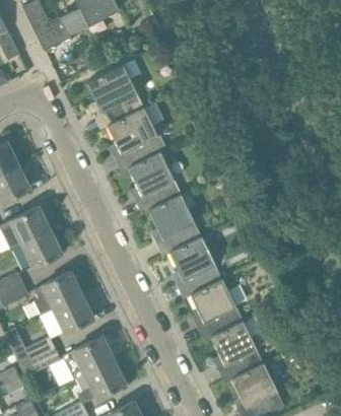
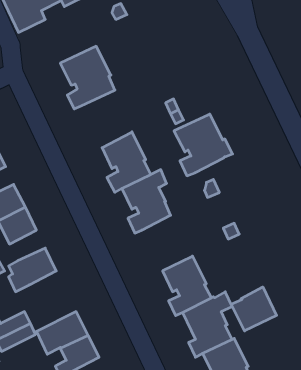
building: [108,110,167,172] -> [174,114,233,176]
building: [169,238,220,299] -> none
building: [55,295,93,333] -> none
building: none -> [231,287,277,331]

